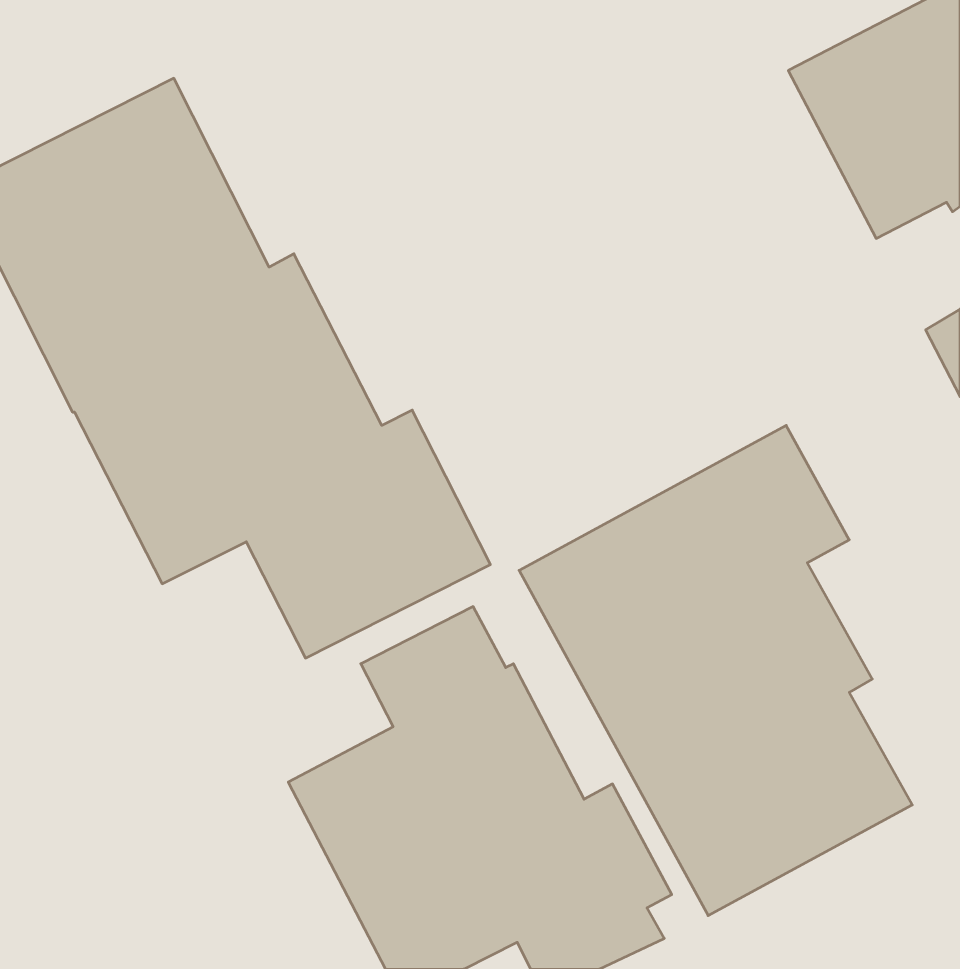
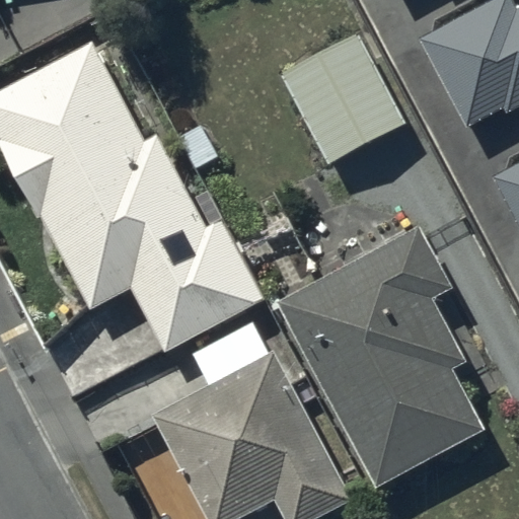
building: none -> [280,34,405,166]

